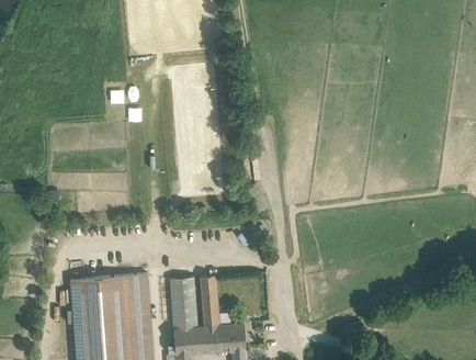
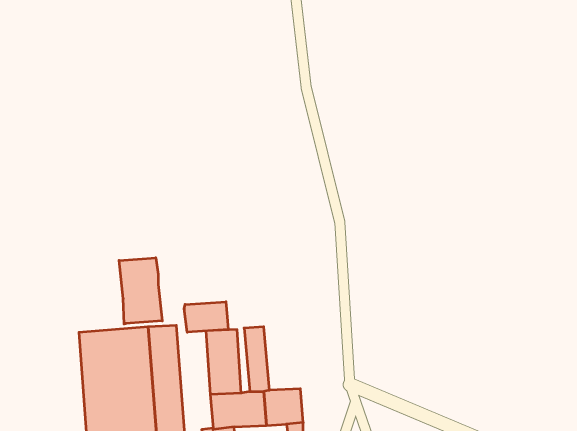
building: none -> [119,258,162,324]
building: none -> [184,302,228,332]

